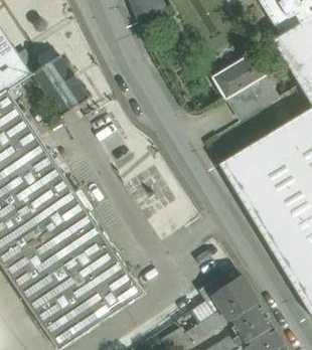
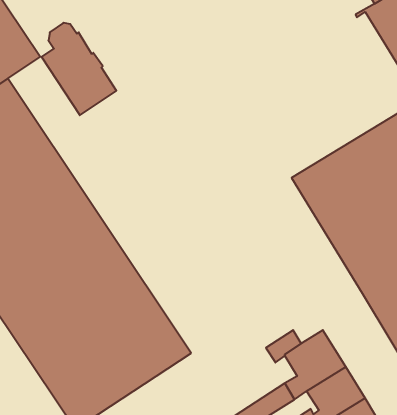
building: [214,53,279,120] -> none

